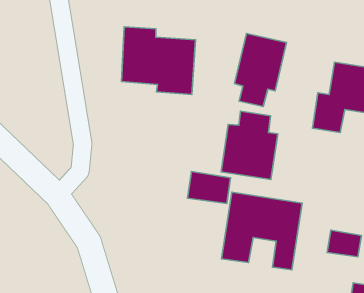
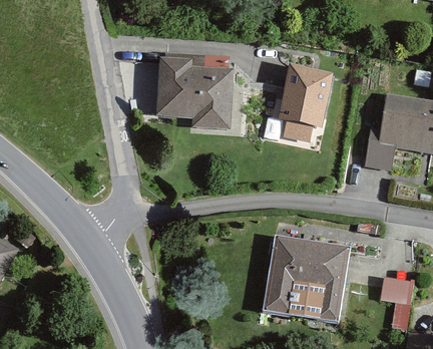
building: [221,111,278,179] -> none
building: [188,171,230,204] -> none

